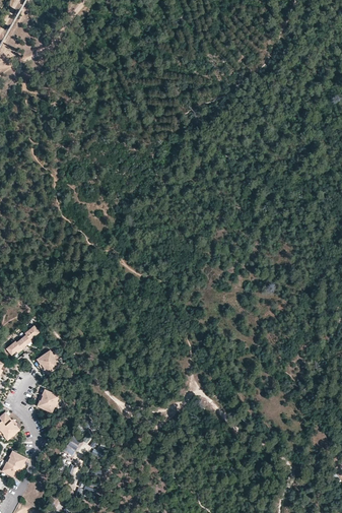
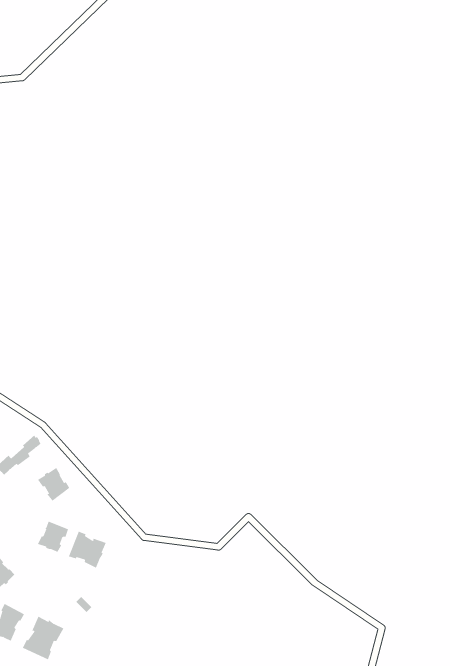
building: none -> [68,531,106,568]
building: none -> [22,616,64,660]

